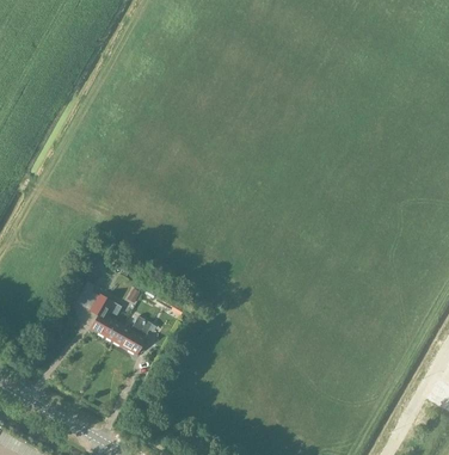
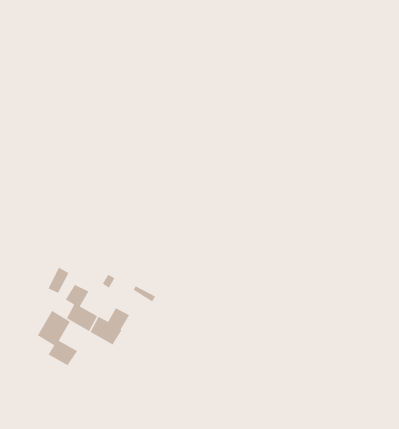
building: none -> [37,310,78,366]

